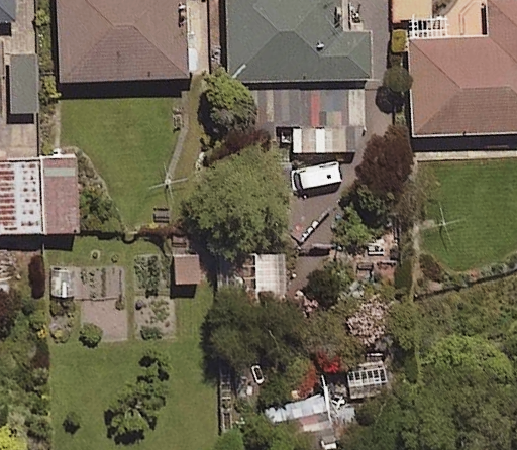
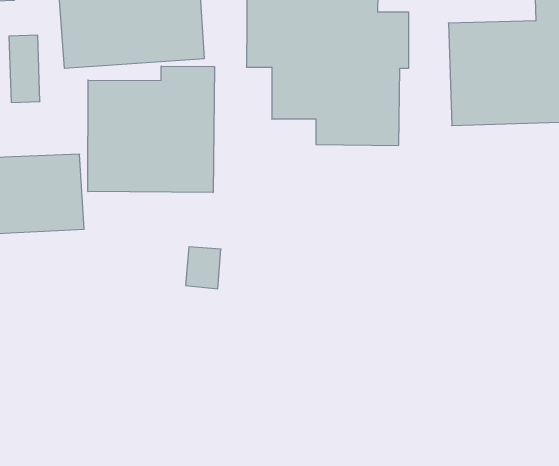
building: none -> [88,66,214,193]

